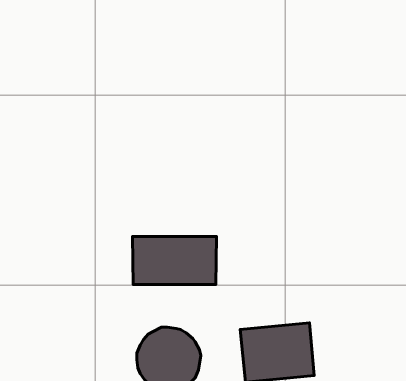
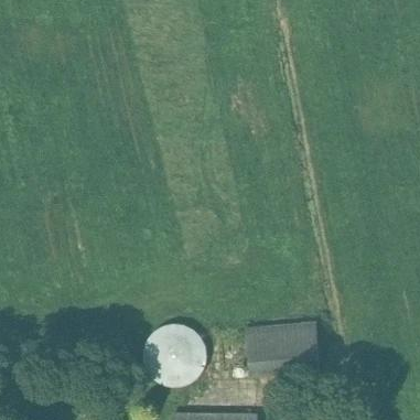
building: [132,236,216,284] -> none

